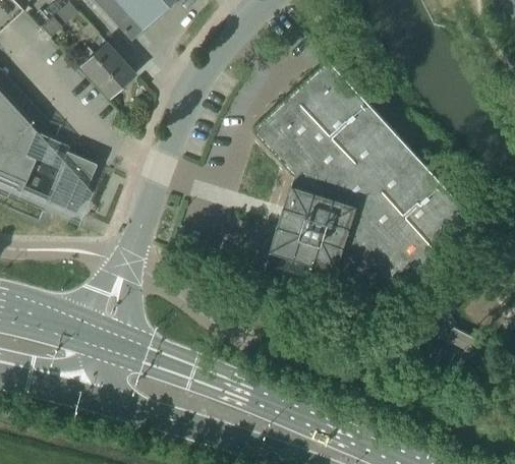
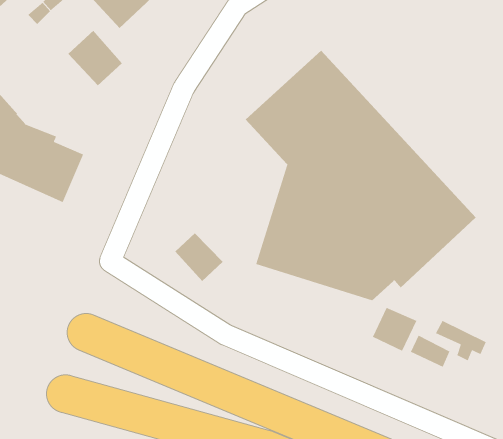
building: none -> [175,233,223,282]
building: none -> [372,307,417,352]

